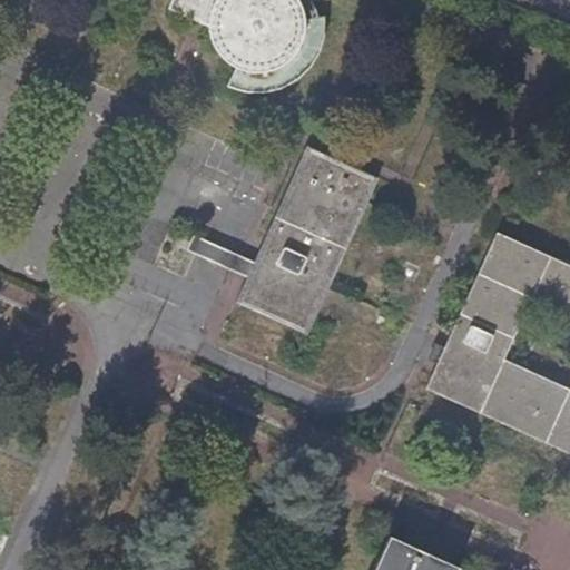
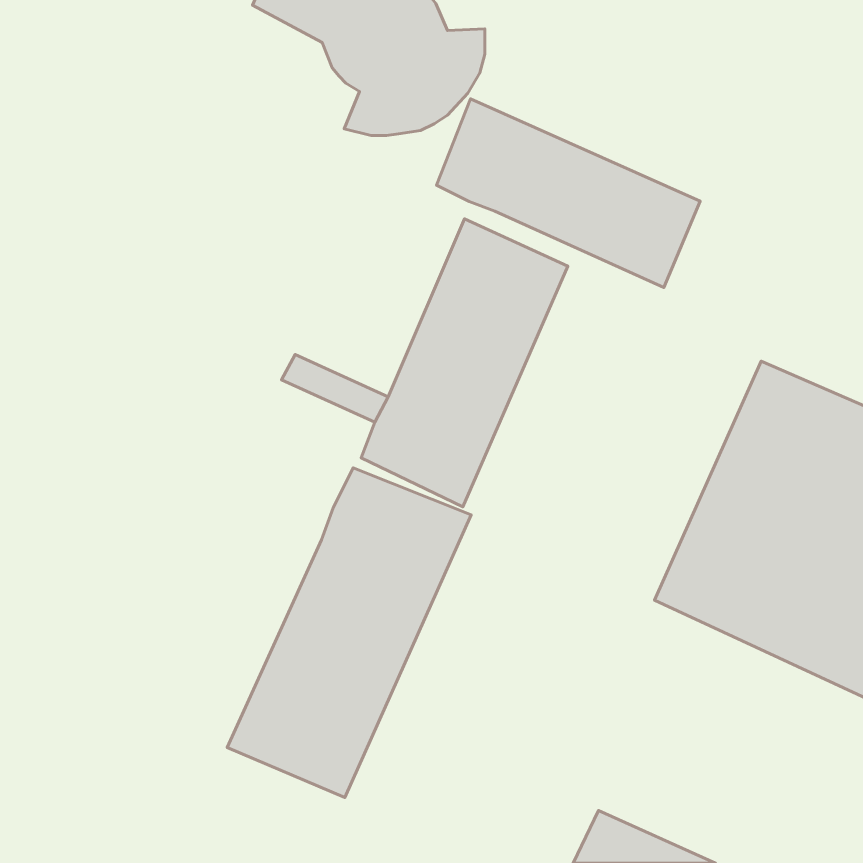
building: none -> [436,99,700,288]
building: none -> [227,468,471,798]

